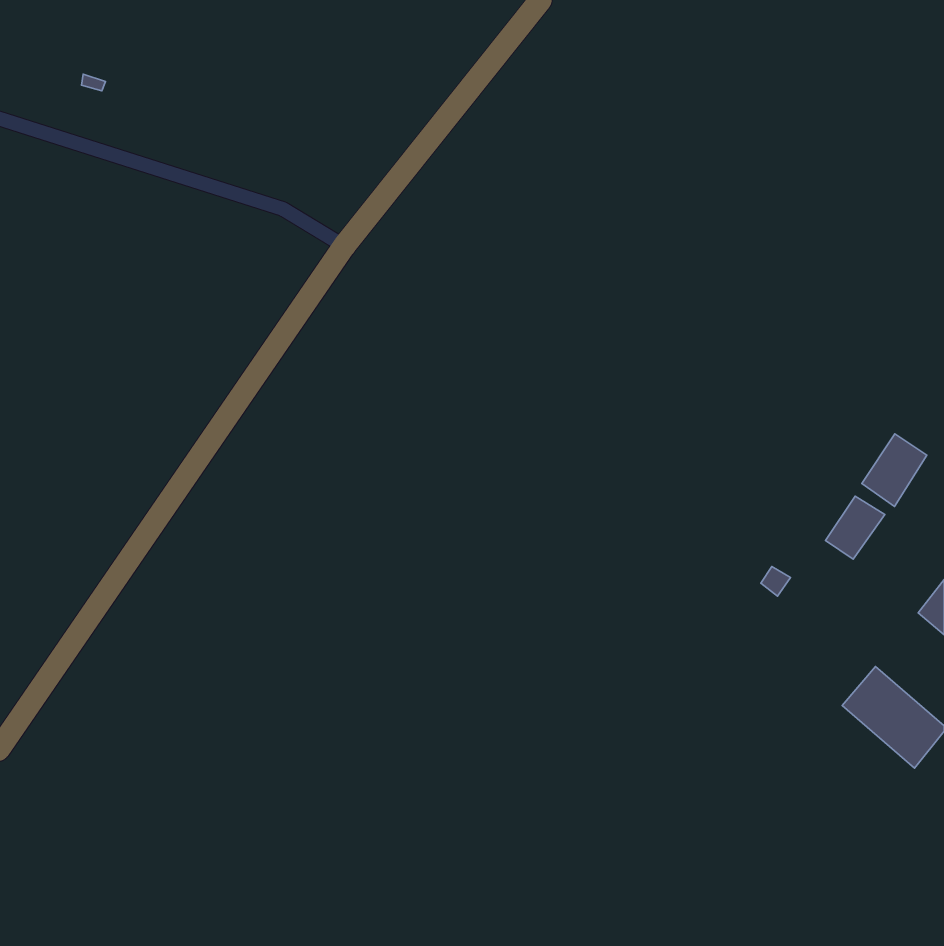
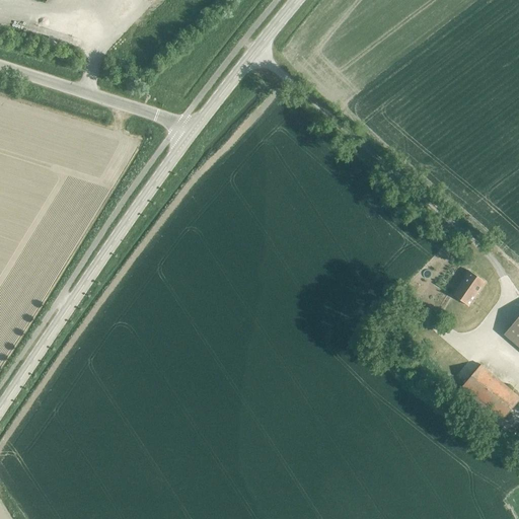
building: [862,434,927,507] -> none

